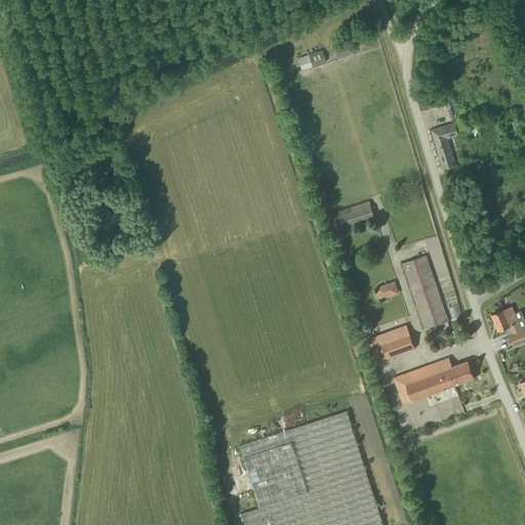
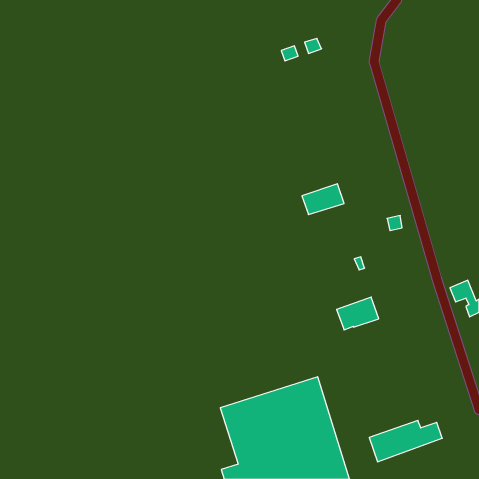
building: [432,123,459,169] -> none
building: [402,255,448,329] -> none
building: [395,359,475,404] -> [369,420,442,462]

